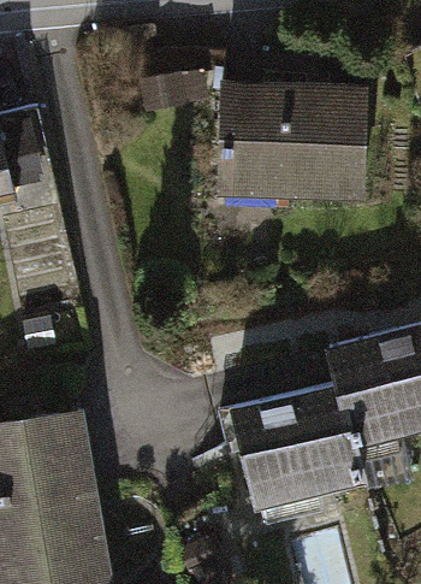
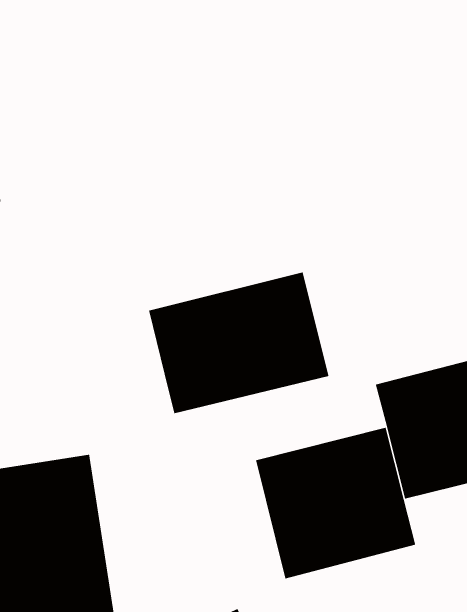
building: [221,83,364,201] -> none
building: none -> [148,271,329,414]

